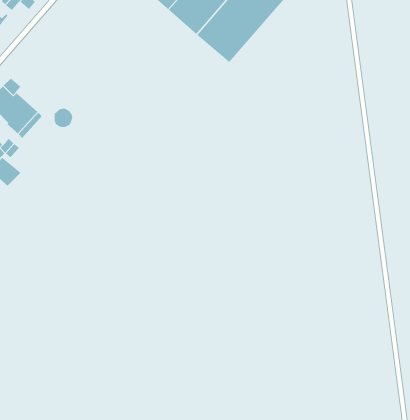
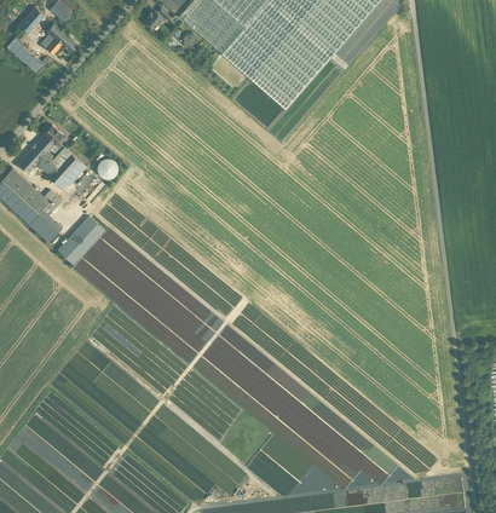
building: none -> [58,217,104,264]

